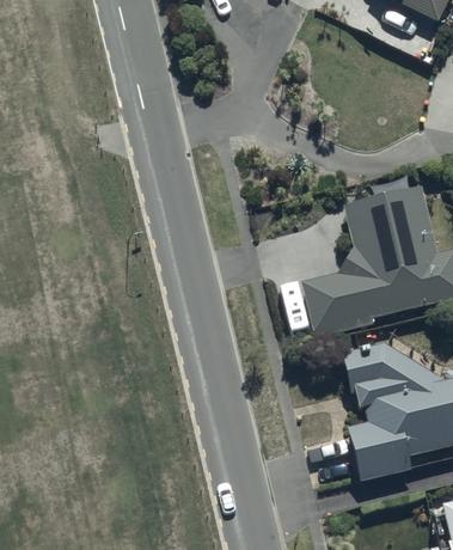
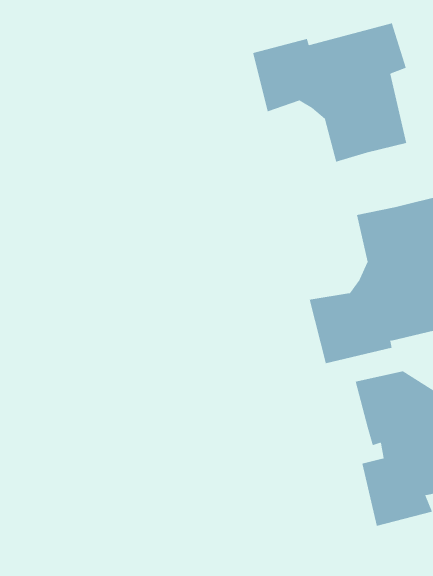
building: none -> [252,22,407,163]

